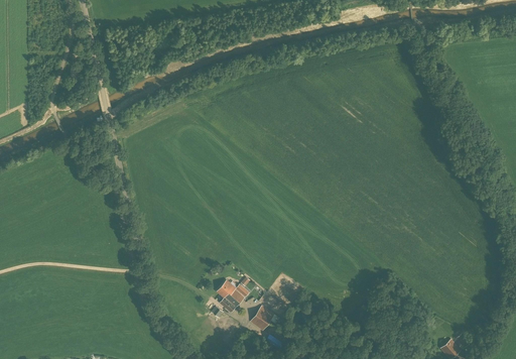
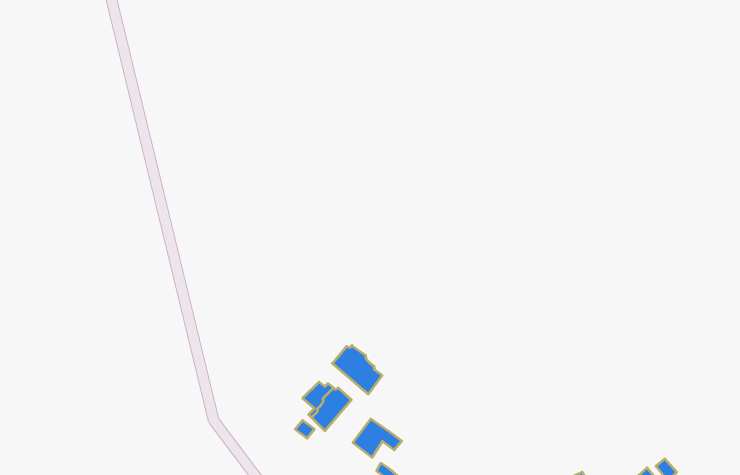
building: none -> [332,345,382,394]

